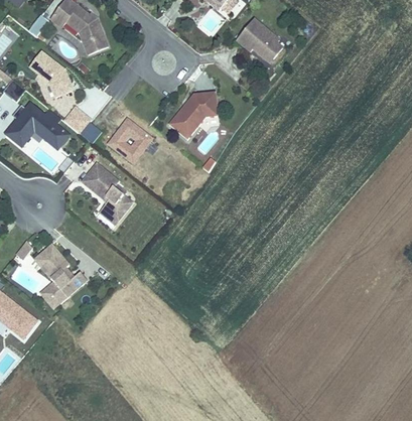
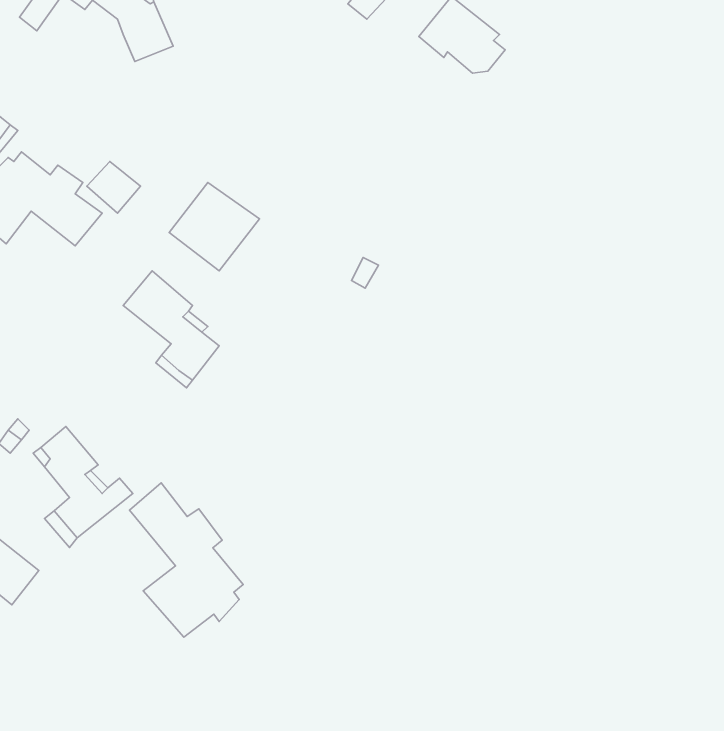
building: [27,48,75,97] -> none
building: [168,92,218,139] -> none
building: none -> [129,483,243,637]

